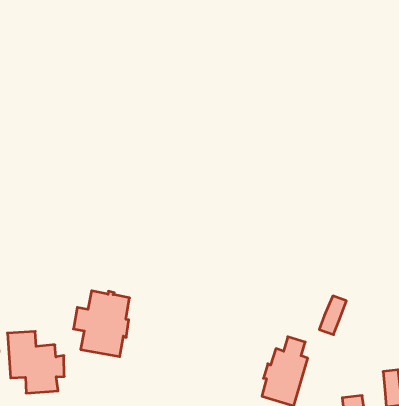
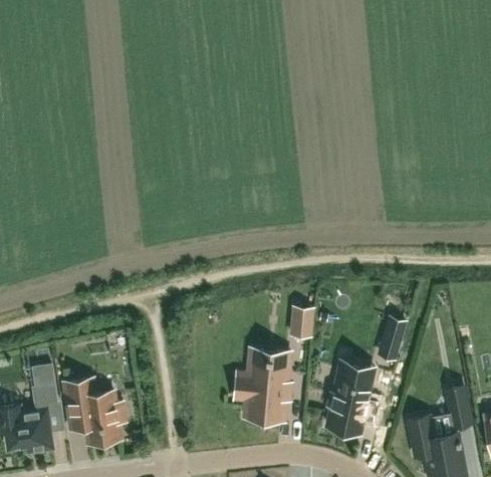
building: none -> [292,307,313,337]
building: [73,291,130,357] -> [236,356,291,422]

